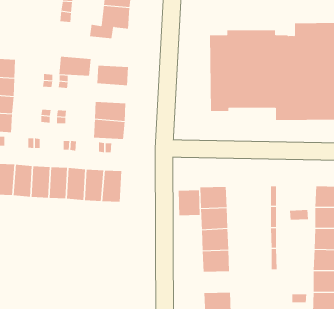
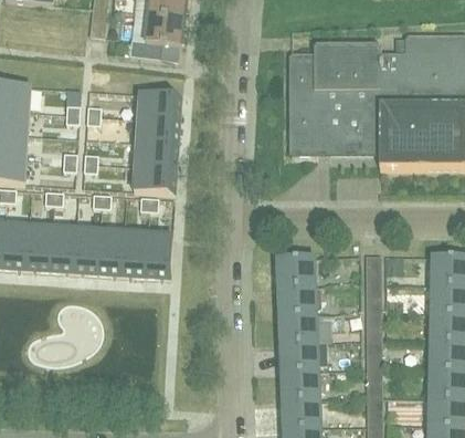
building: [59,56,91,76] -> [136,115,180,142]
building: [178,189,200,216] -> none
building: none -> [281,367,318,396]

